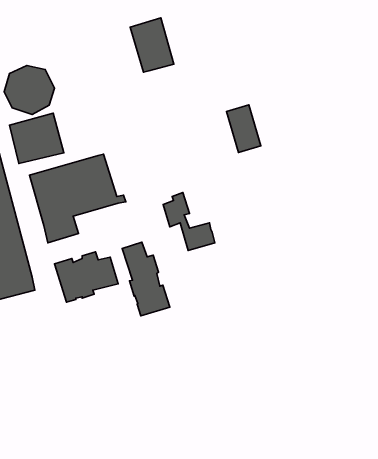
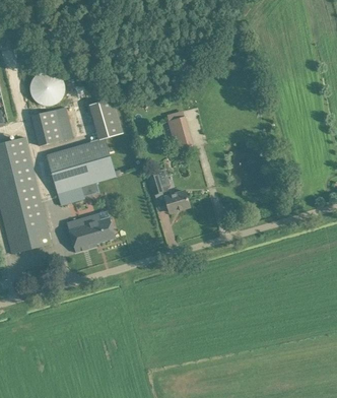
building: [130,18,174,72] -> [89,97,123,139]
building: [226,105,261,153] -> [166,116,193,152]
building: [122,242,170,316] -> none

